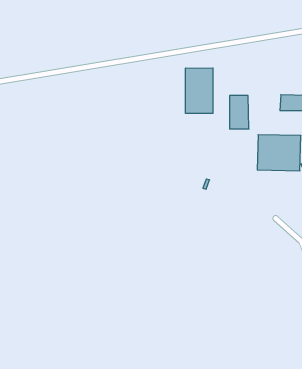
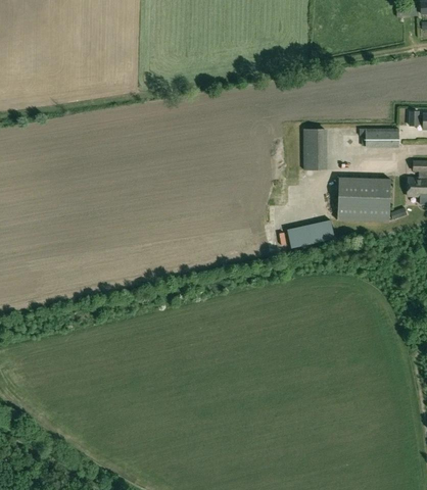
building: [186,68,213,113] -> none
building: none -> [286,218,335,248]

